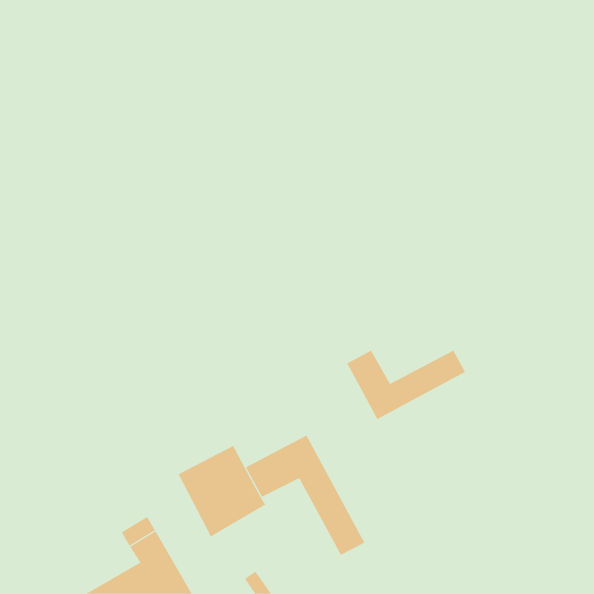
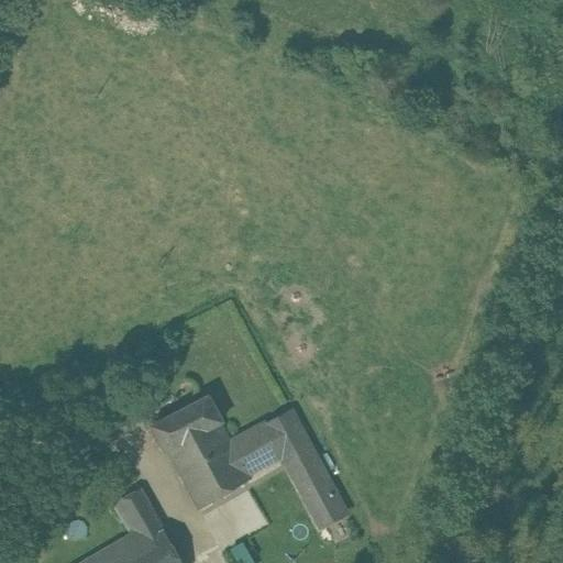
building: [346,350,466,420] -> none
building: none -> [154,396,223,450]

